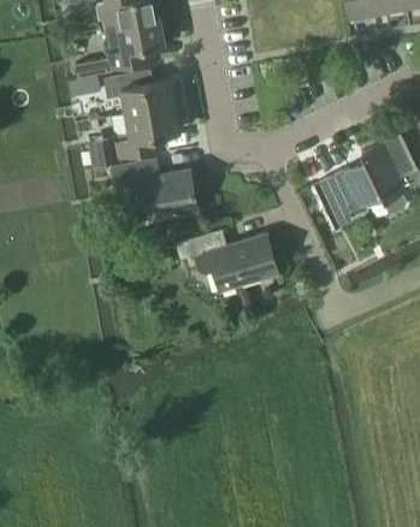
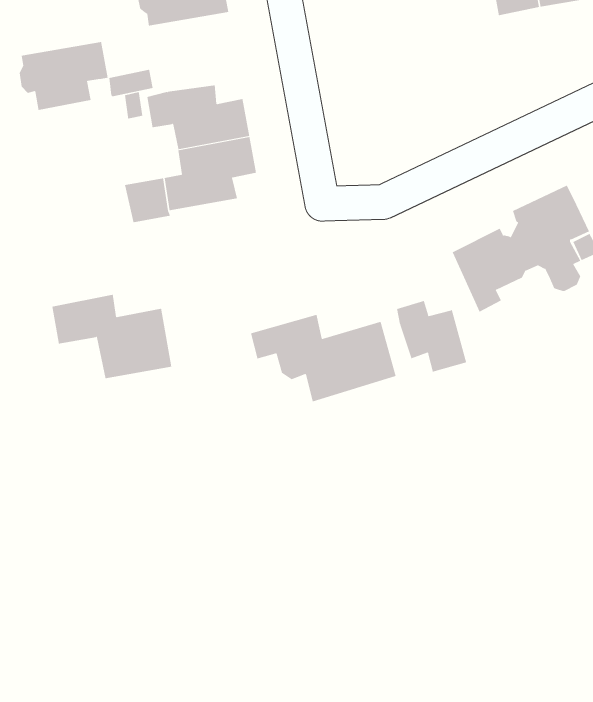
building: [103,19,166,67] -> [19,42,109,111]
building: [113,160,197,219] -> [51,294,172,379]
building: none -> [396,300,467,373]

